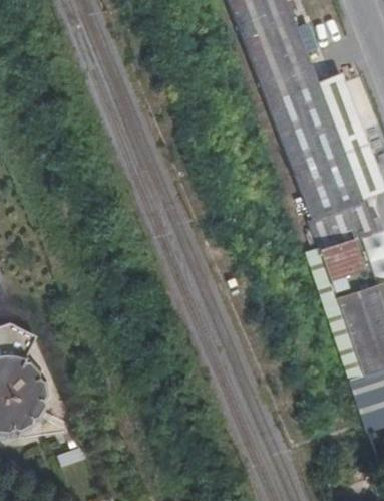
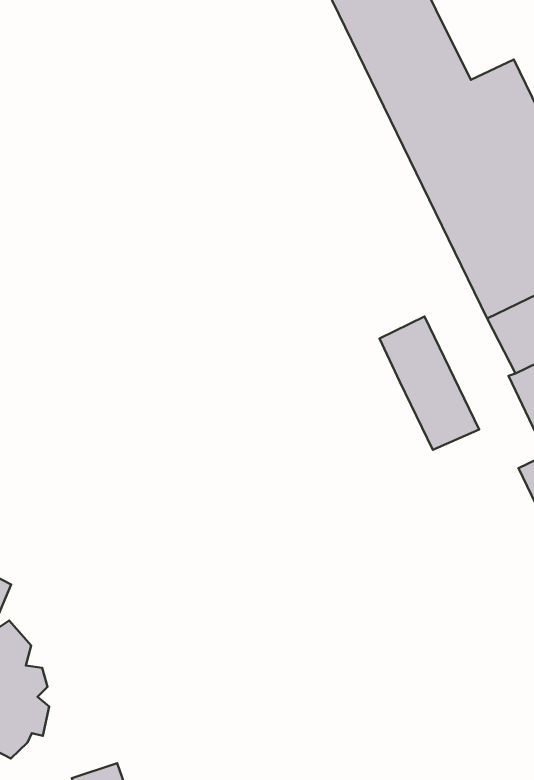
building: none -> [380,316,479,450]

